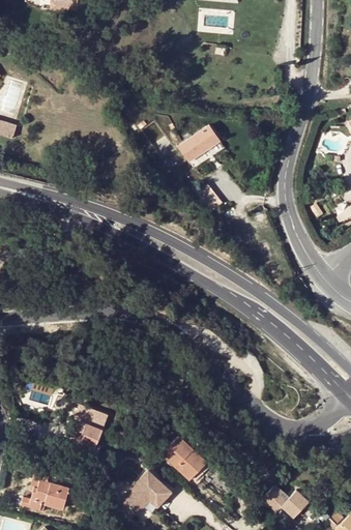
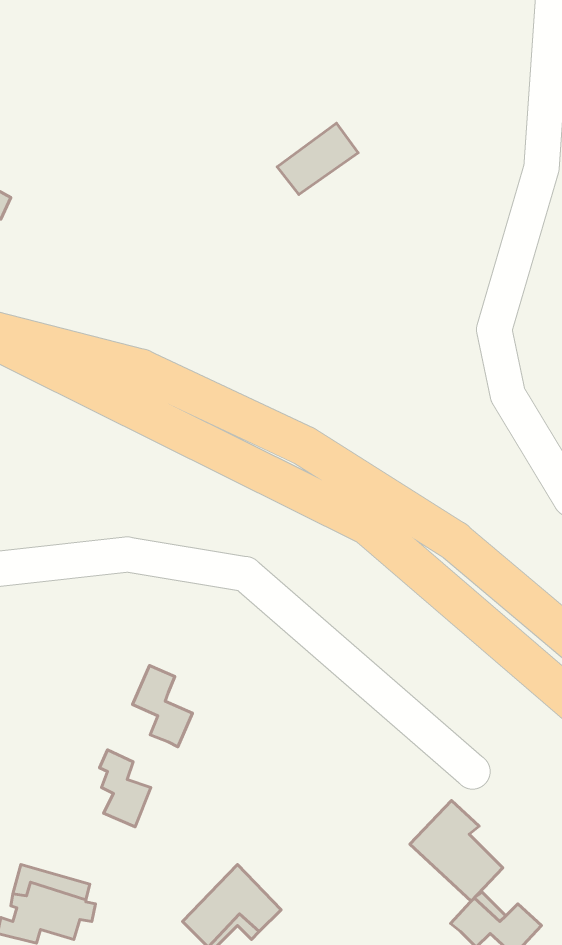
building: [177,124,220,161] -> [277,123,358,194]
building: none -> [133,665,193,747]
building: [162,431,210,483] -> [410,801,503,901]

